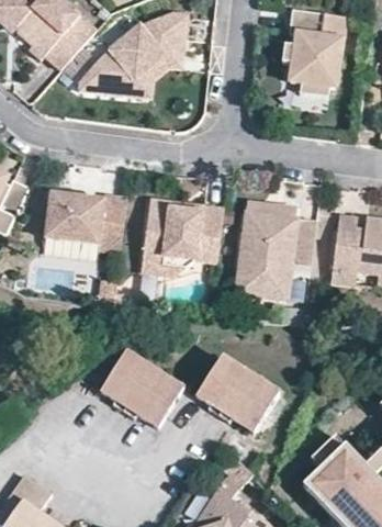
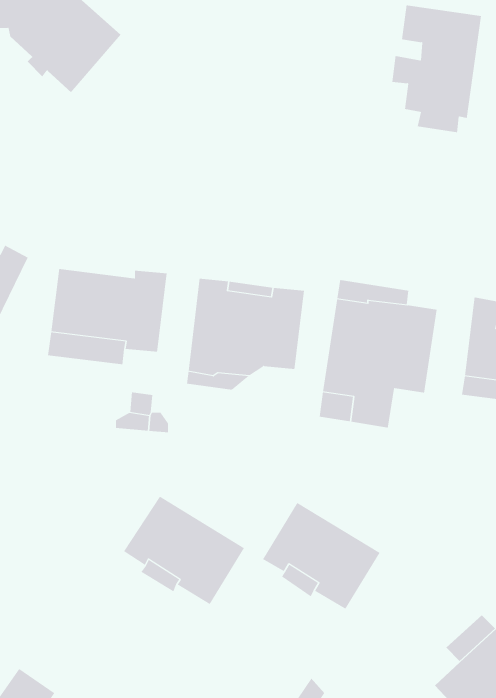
building: [78,13,187,97] -> none

